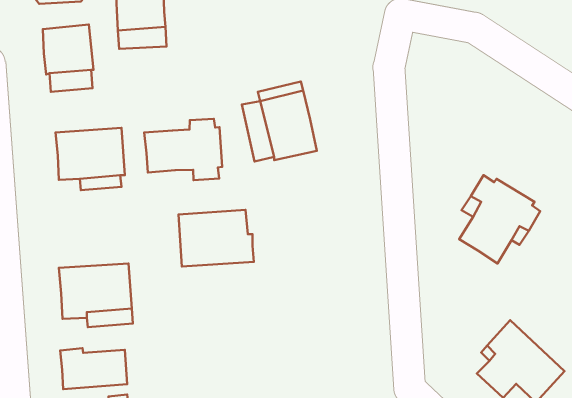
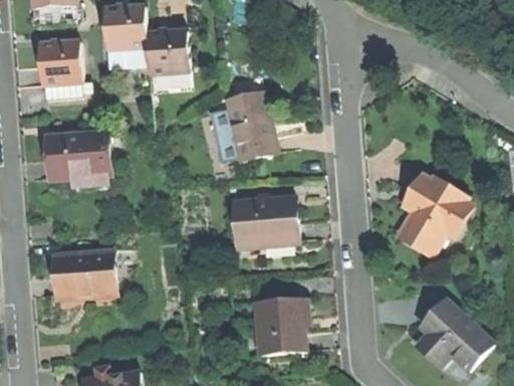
building: none -> [145,28,187,71]
building: [144,119,222,180] -> none
building: [179,210,254,267] -> [234,195,299,244]
building: none -> [257,298,305,353]
building: [60,348,127,389] -> none

